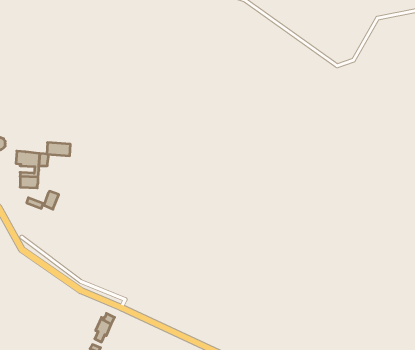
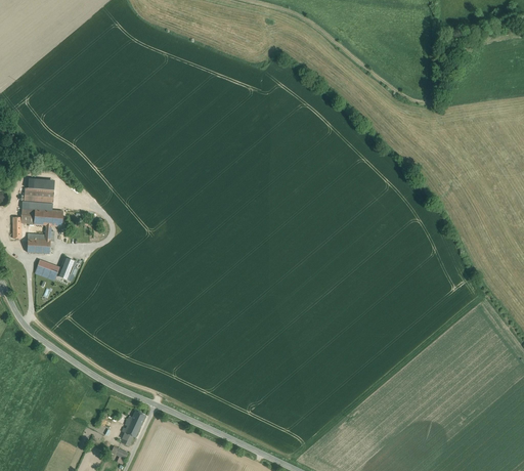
building: [47,143,70,156] -> [24,186,53,203]

